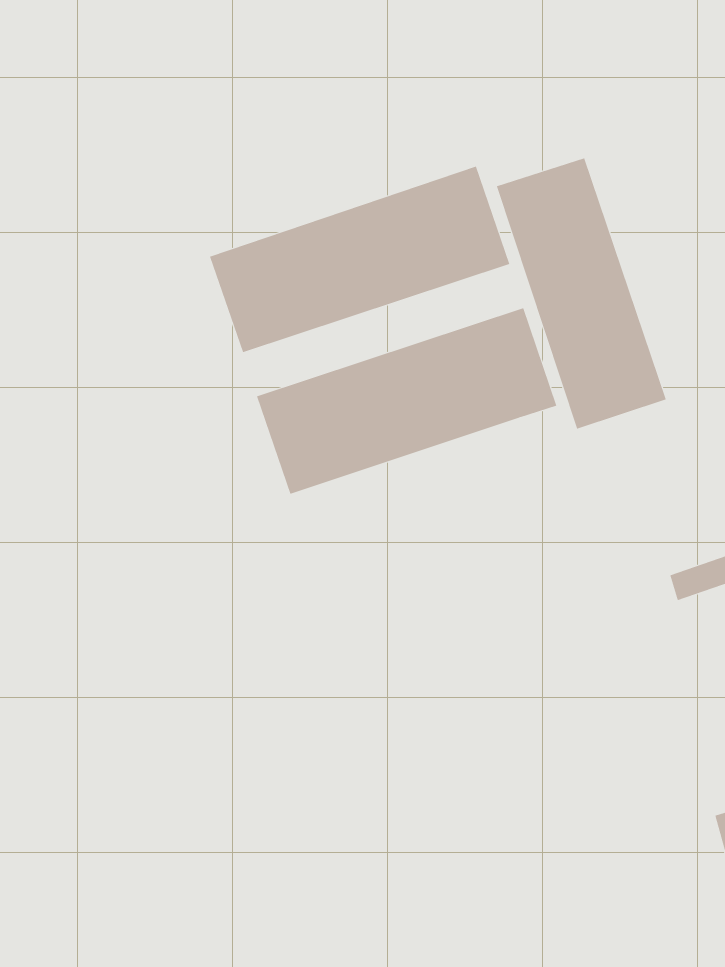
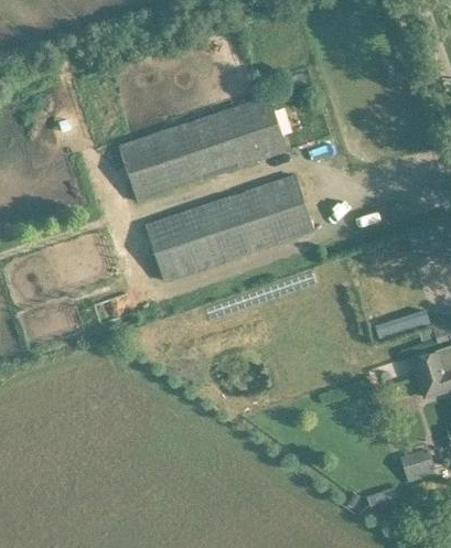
building: [496,157,666,429] -> none

